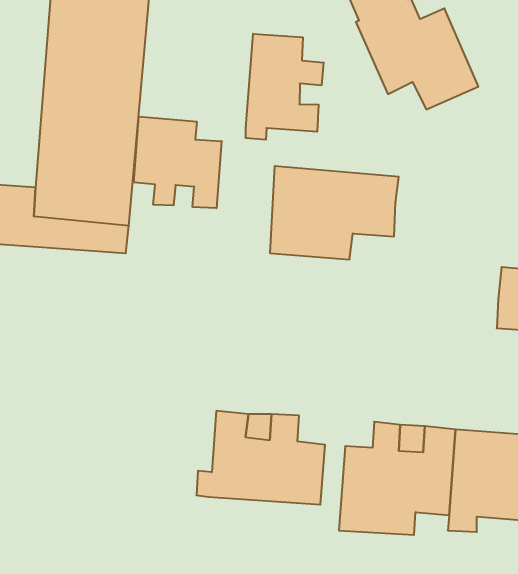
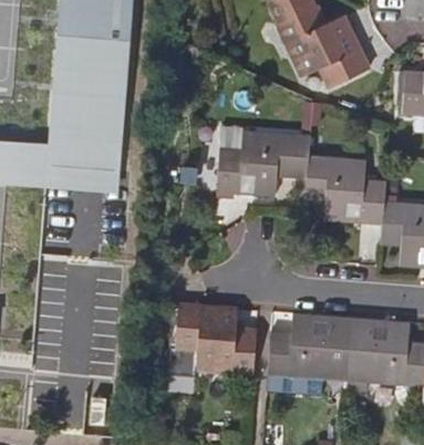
building: [246,34,323,140] -> none
building: [134,117,222,208] -> none
building: none -> [307,155,386,225]

